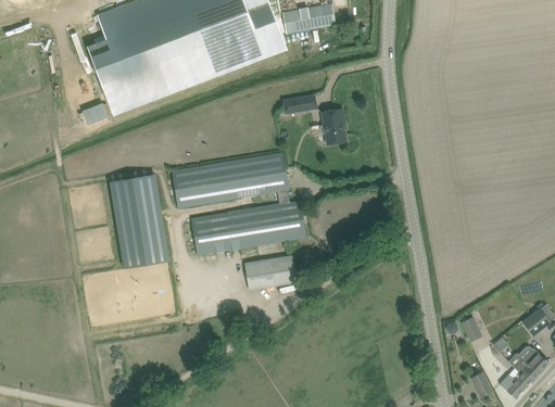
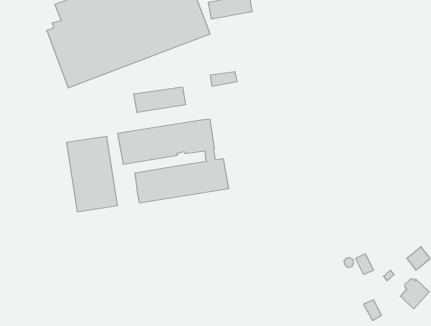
building: [319,109,345,144] -> none
building: none -> [134,87,186,113]
building: [243,254,295,289] -> none
building: [499,367,530,398] -> none

